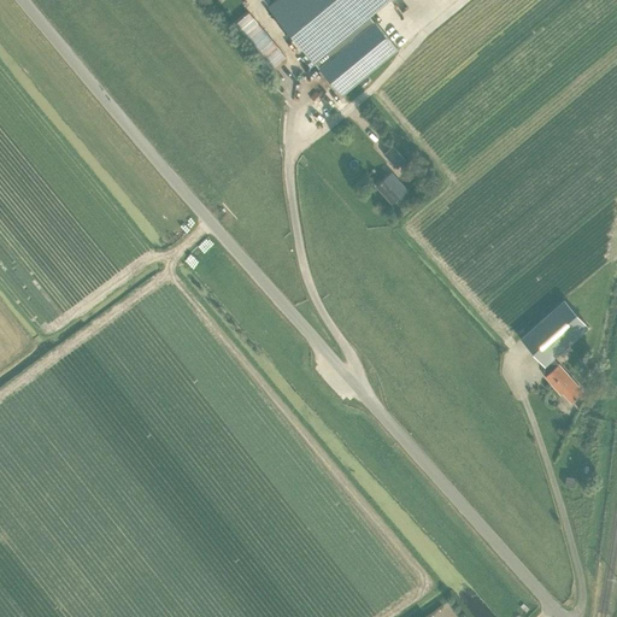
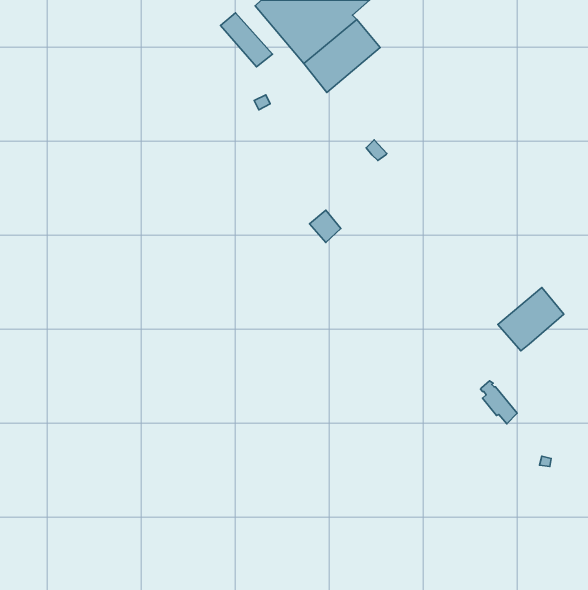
building: [374,171,406,205] -> [310,210,341,242]
building: [542,359,581,404] -> [480,381,517,424]

